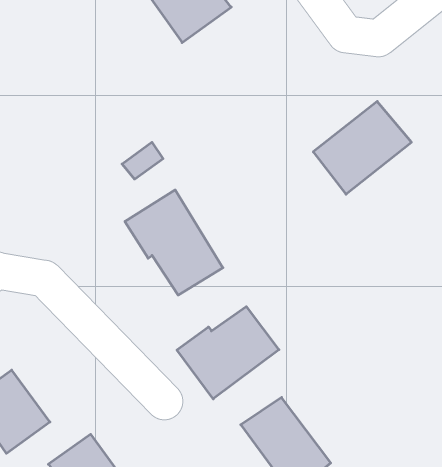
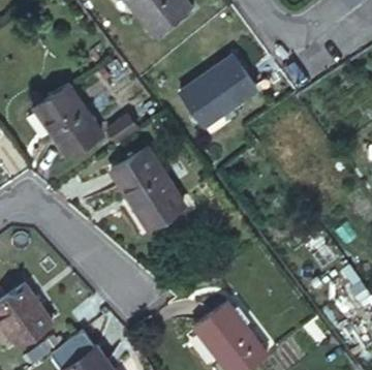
building: [313,101,411,194] -> [184,56,258,126]
building: none -> [36,83,101,157]
building: [177,307,279,399] -> none

